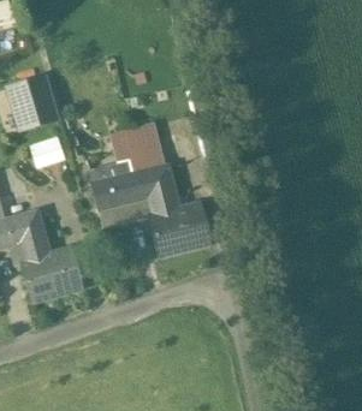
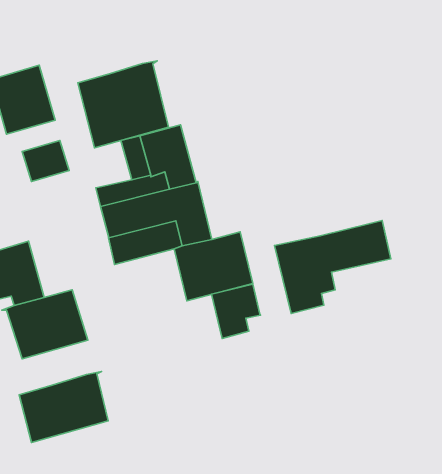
building: none -> [78,61,169,148]
building: none -> [274,221,391,314]
building: none -> [211,284,261,338]
building: none -> [19,371,108,443]

